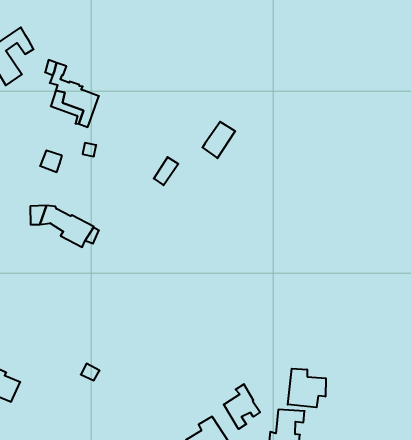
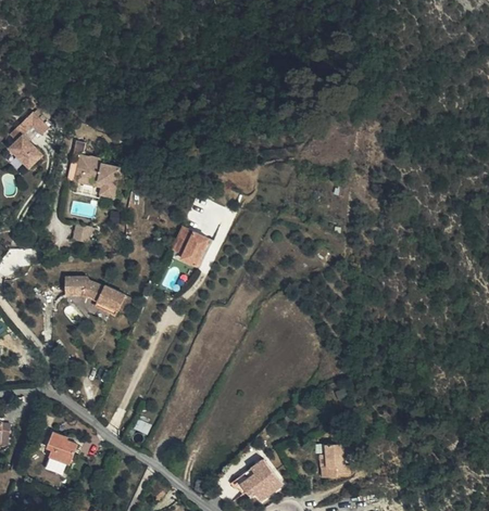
building: [202,122,235,158] -> [187,225,216,259]
building: [288,369,326,407] -> none
building: [224,384,260,429] -> none

